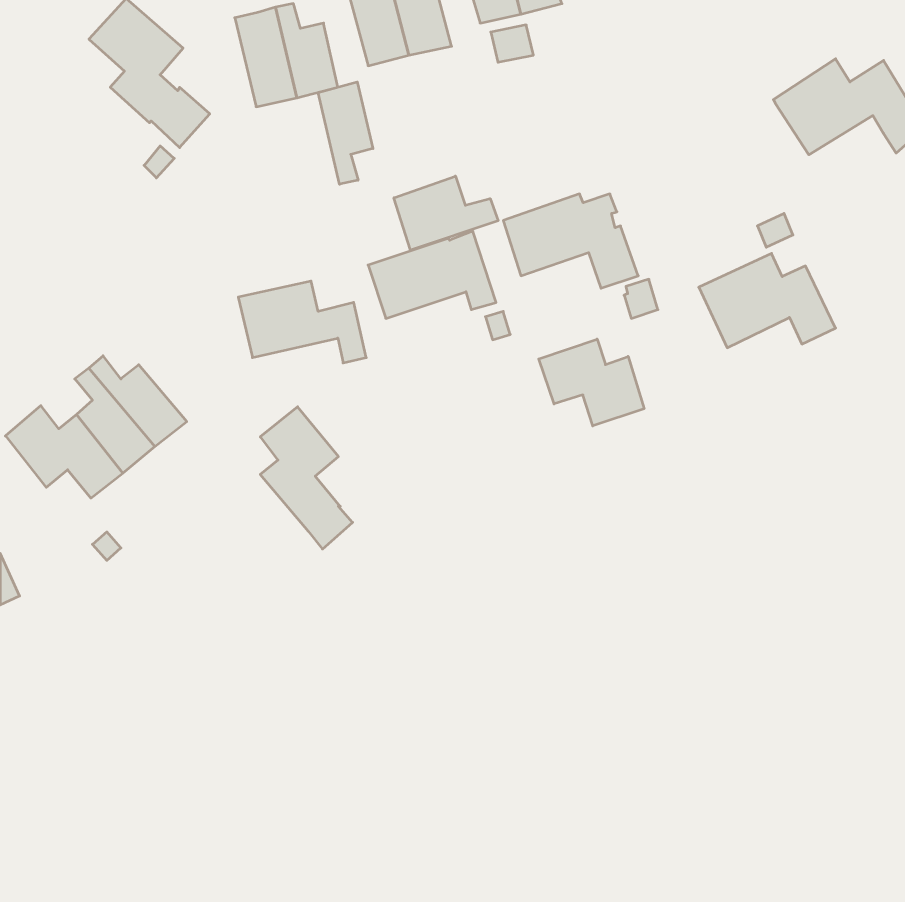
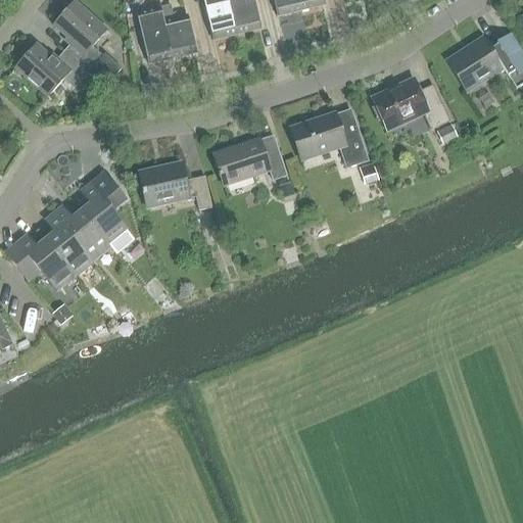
building: none -> [15,42,88,95]
building: [318,82,373,184] -> none
building: [394,176,498,250] -> none
building: [699,253,836,348] -> [372,76,450,130]
building: [539,339,644,426] -> none
building: [260,407,353,549] -> [82,171,135,252]

